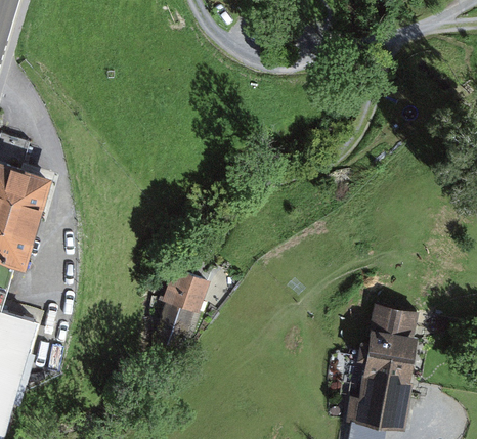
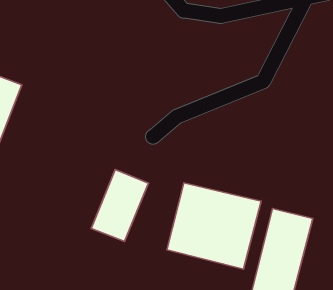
building: none -> [167,183,261,269]

